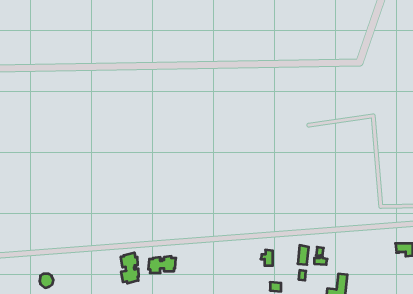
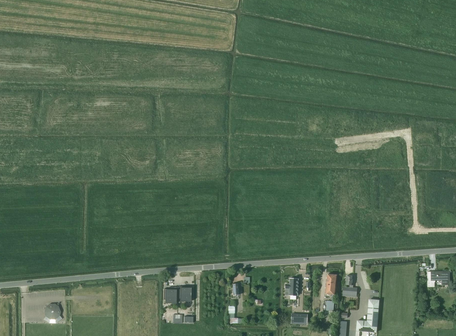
building: [121,253,139,283] -> none

